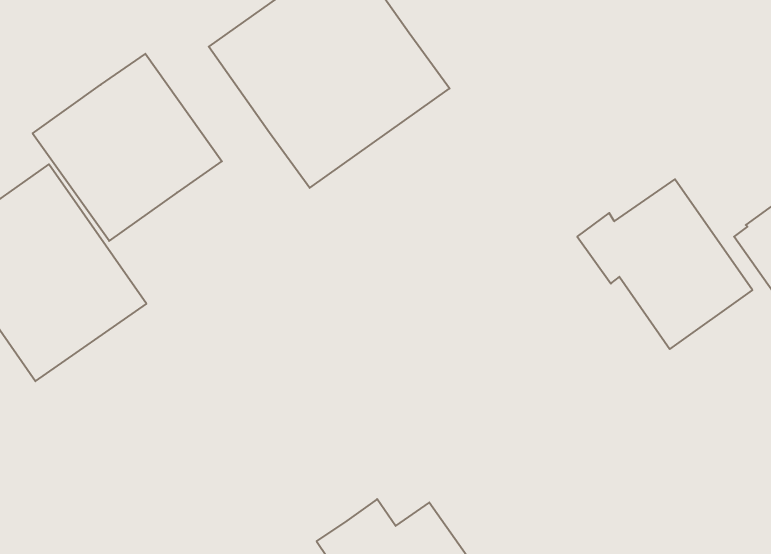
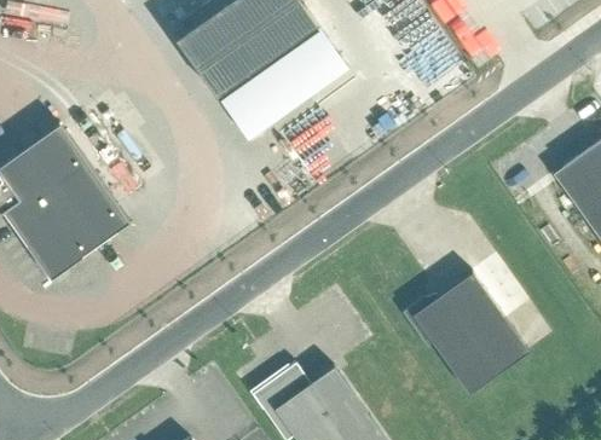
building: [33,54,222,241] -> none
building: [577,179,752,349] -> [404,273,530,395]

